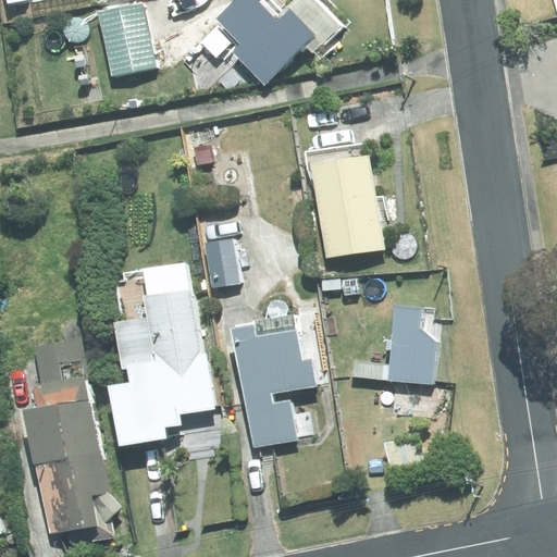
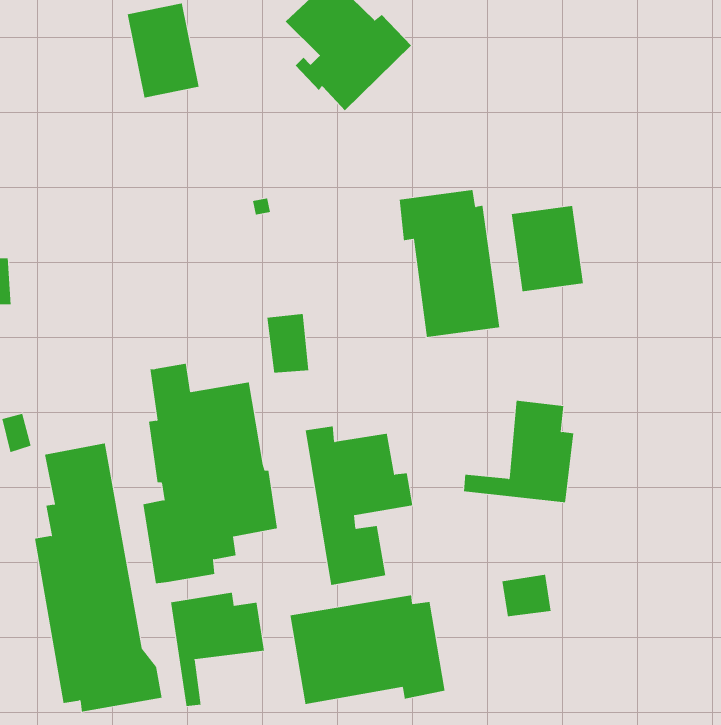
building: none -> [511,205,583,292]
building: none -> [171,592,264,707]
building: none -> [290,595,445,705]

